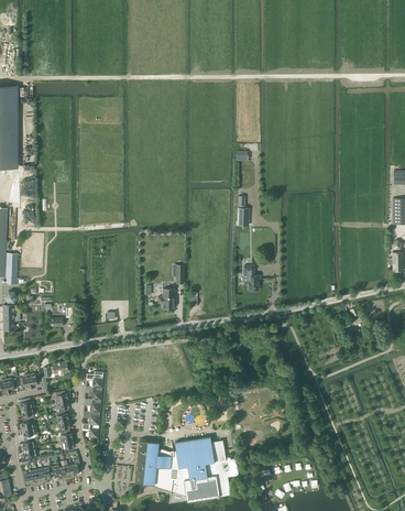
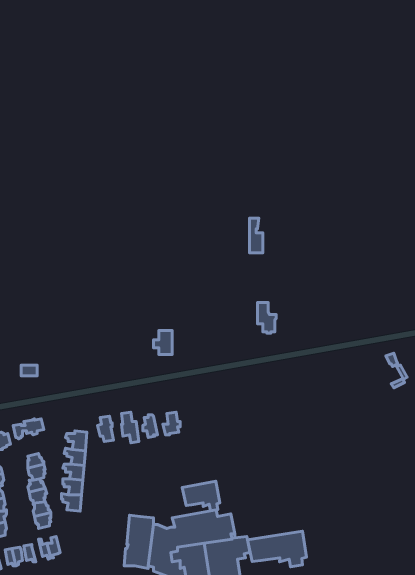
building: none -> [182,481,220,511]
building: none -> [248,531,307,567]

